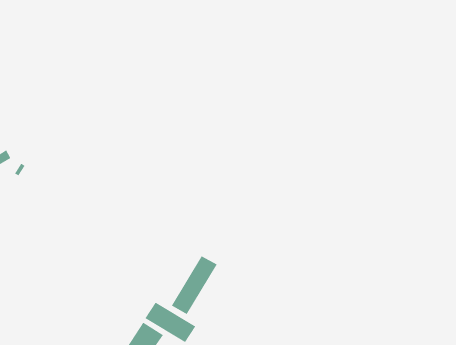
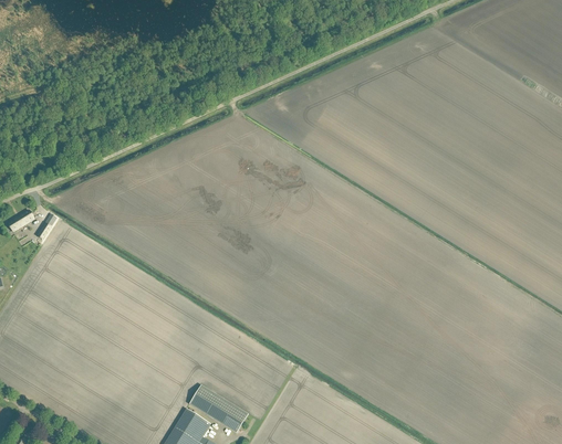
building: [171,255,217,315] -> none

